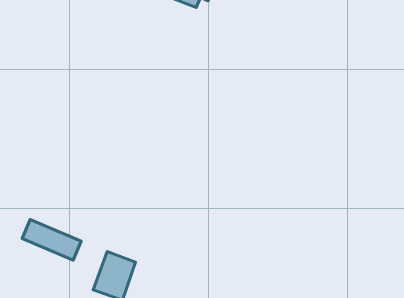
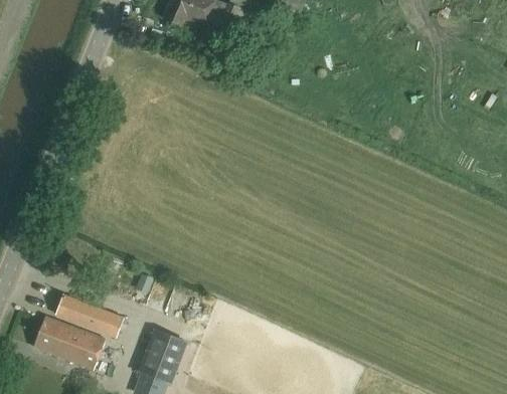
building: none -> [34,317,107,370]

